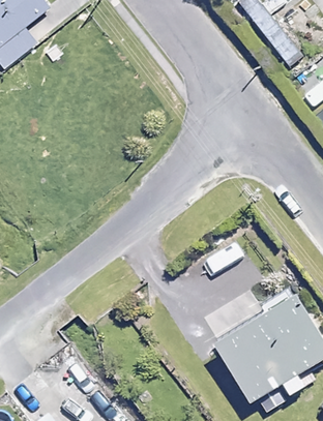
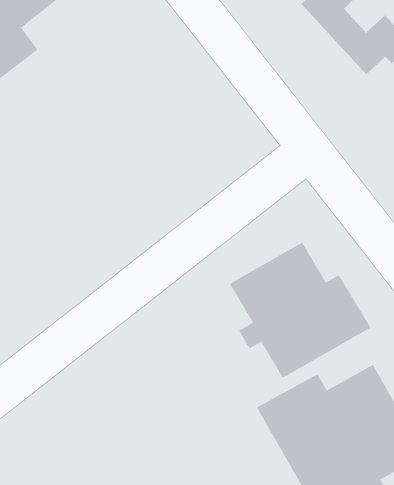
building: none -> [229,241,371,379]

